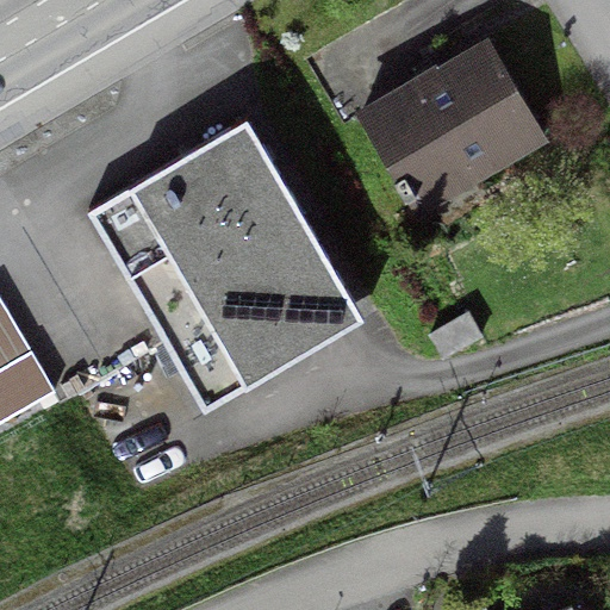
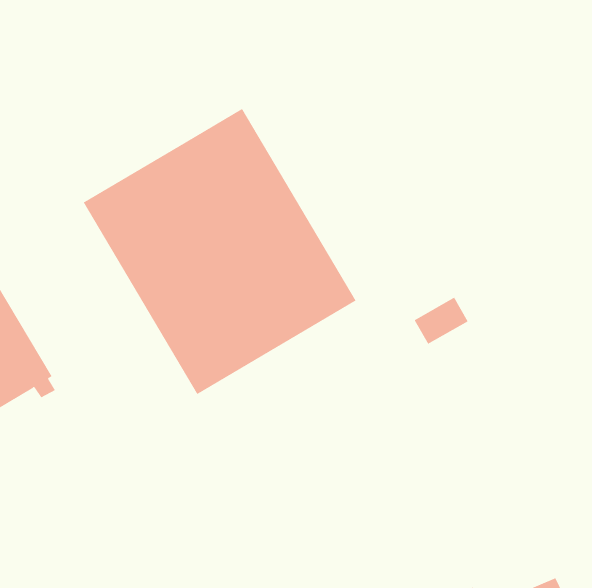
building: [356,45,547,201] -> none

